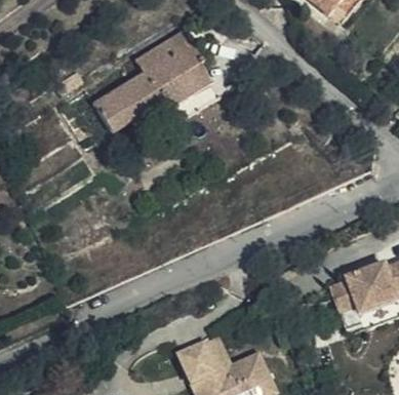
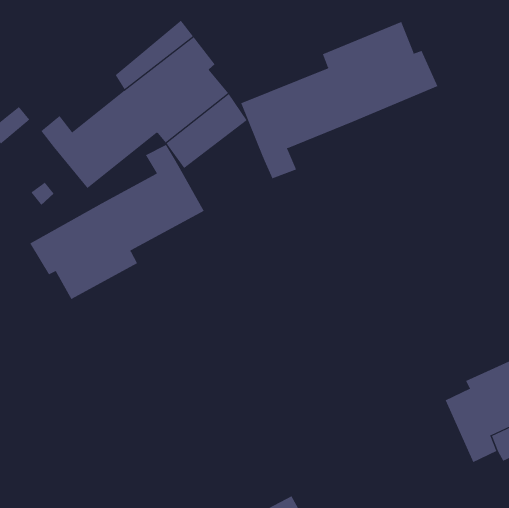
building: none -> [241,21,438,179]
building: none -> [29,144,205,300]

